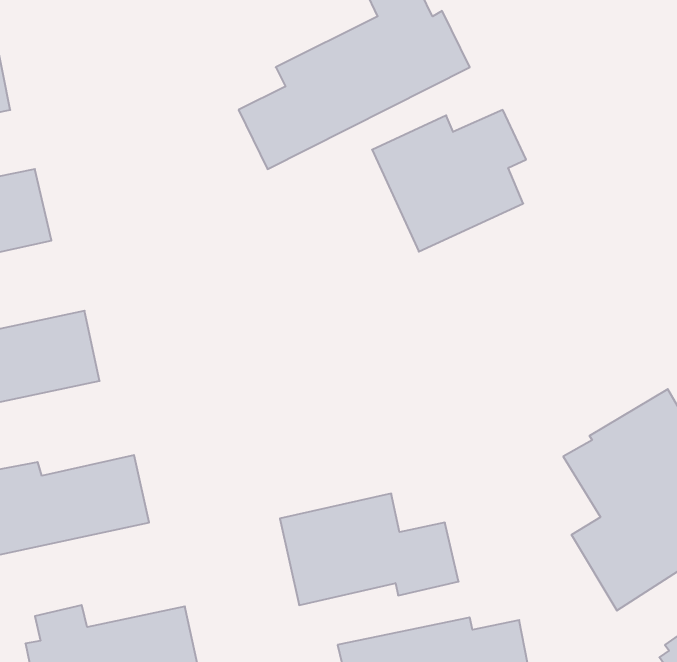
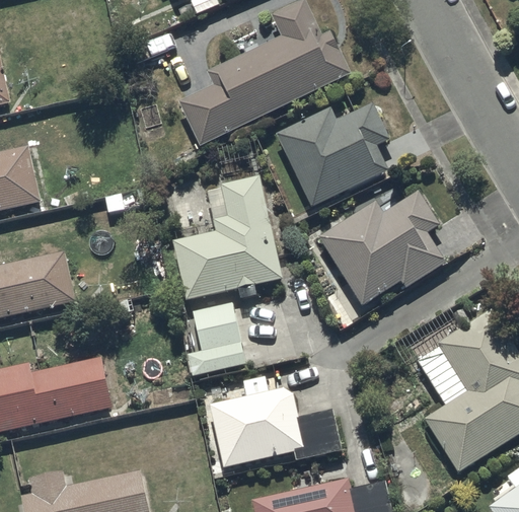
building: none -> [172,176,283,300]
building: none -> [316,181,445,306]
building: none -> [187,297,246,376]

